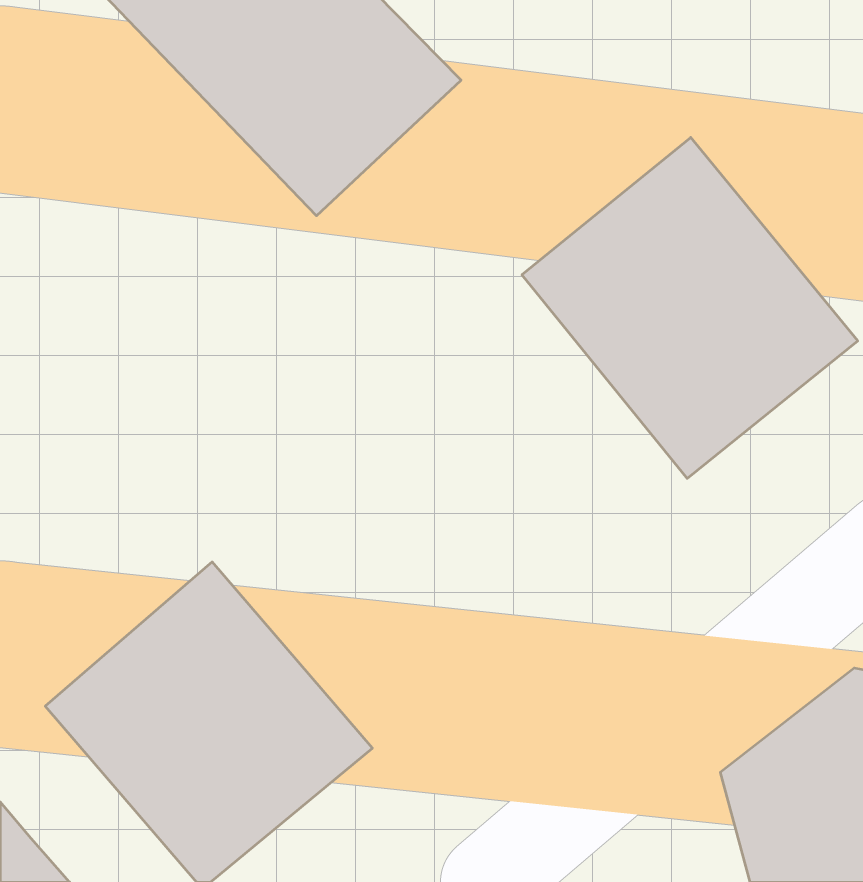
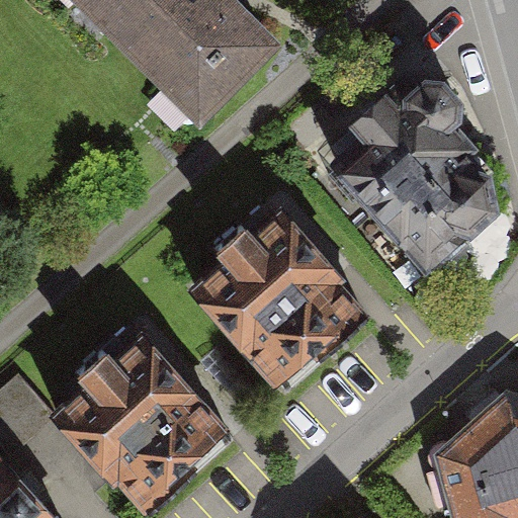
building: none -> [183,206,366,392]

